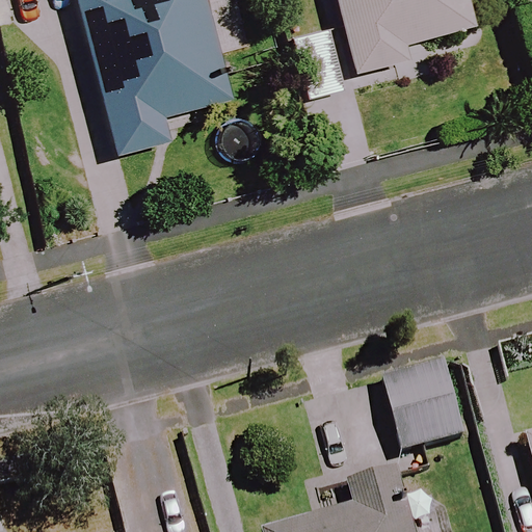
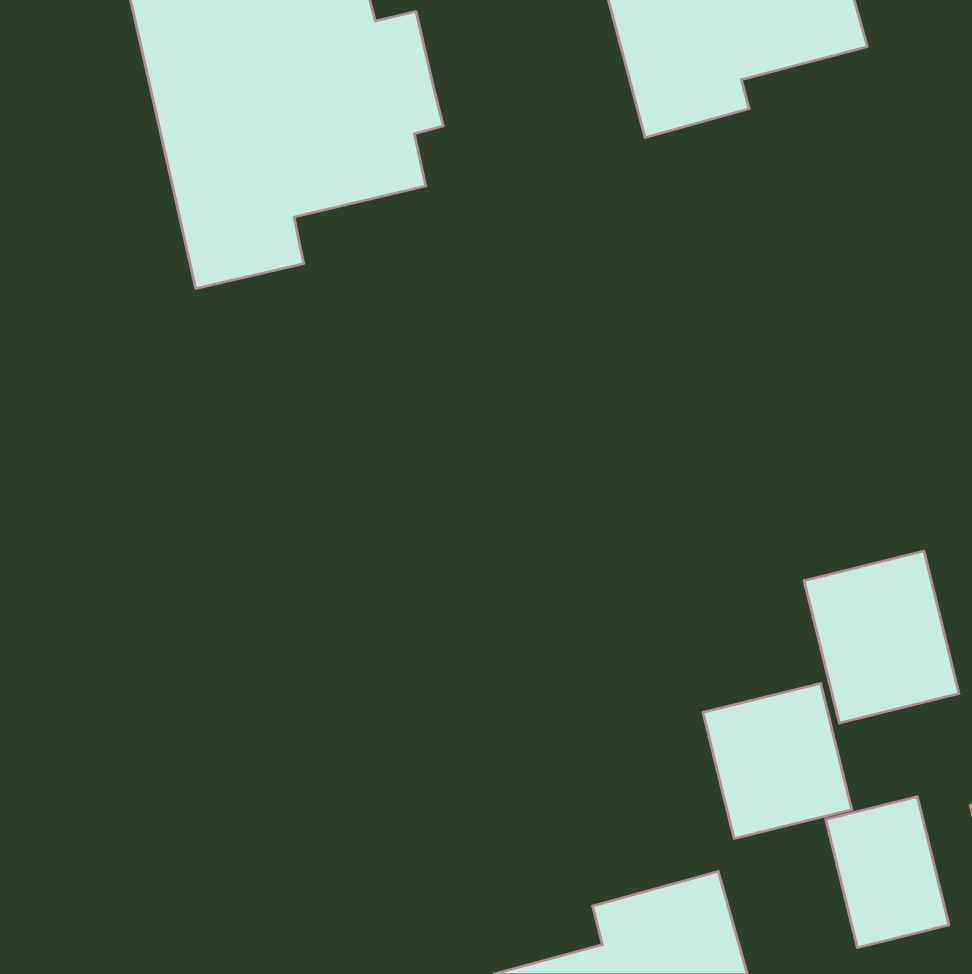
building: none -> [804,551,959,723]
building: none -> [826,797,949,948]

